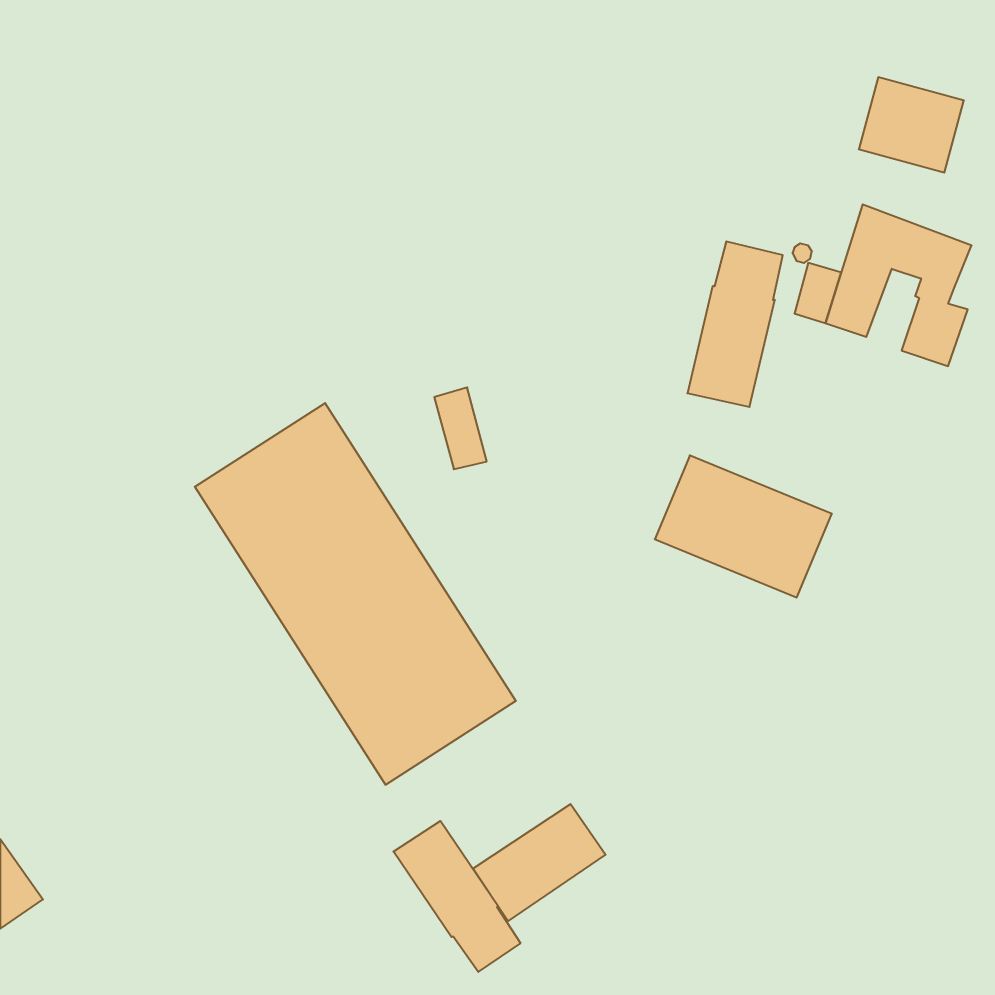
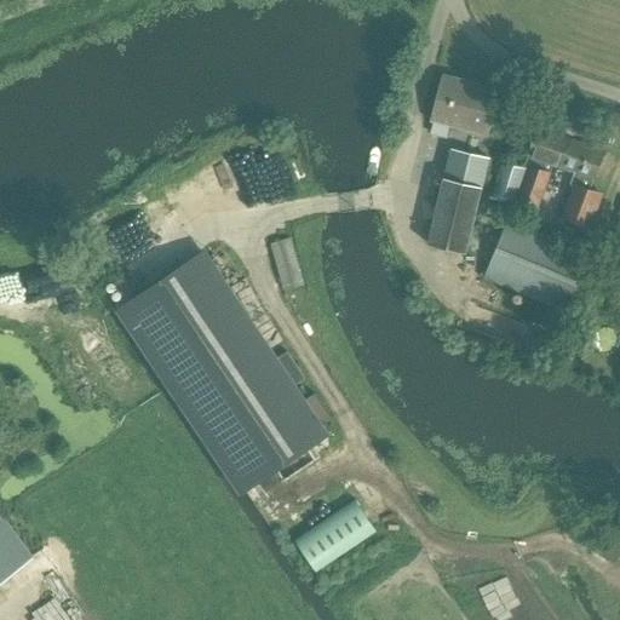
building: [859,77,964,173] -> [431,76,496,136]
building: [655,455,832,598] -> [484,224,595,312]
building: [393,821,520,972] -> none

